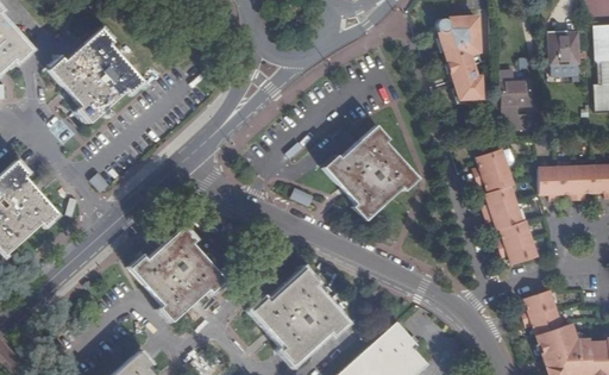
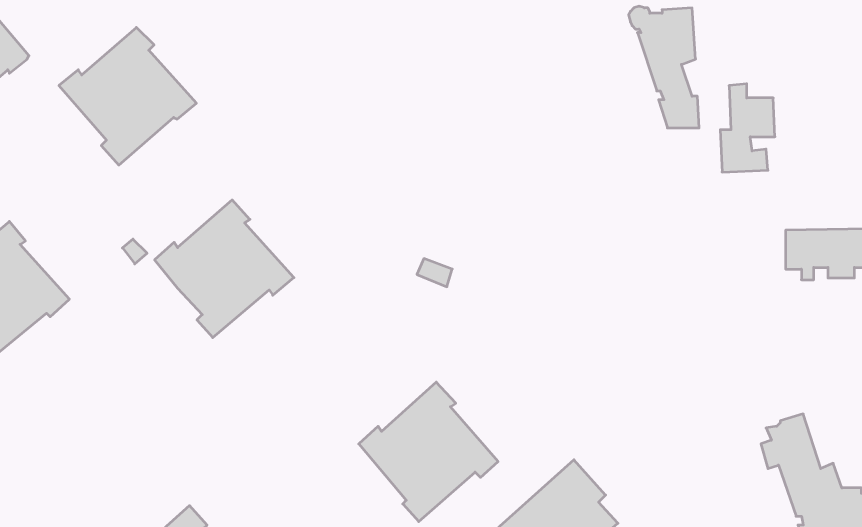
building: [550,30,579,63] -> none
building: [324,126,416,219] -> none
building: [473,148,538,263] -> none
building: [131,227,225,320] -> [155,200,294,338]

